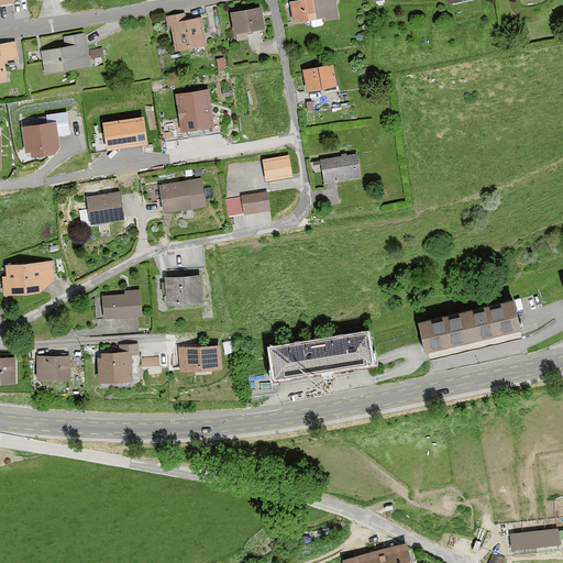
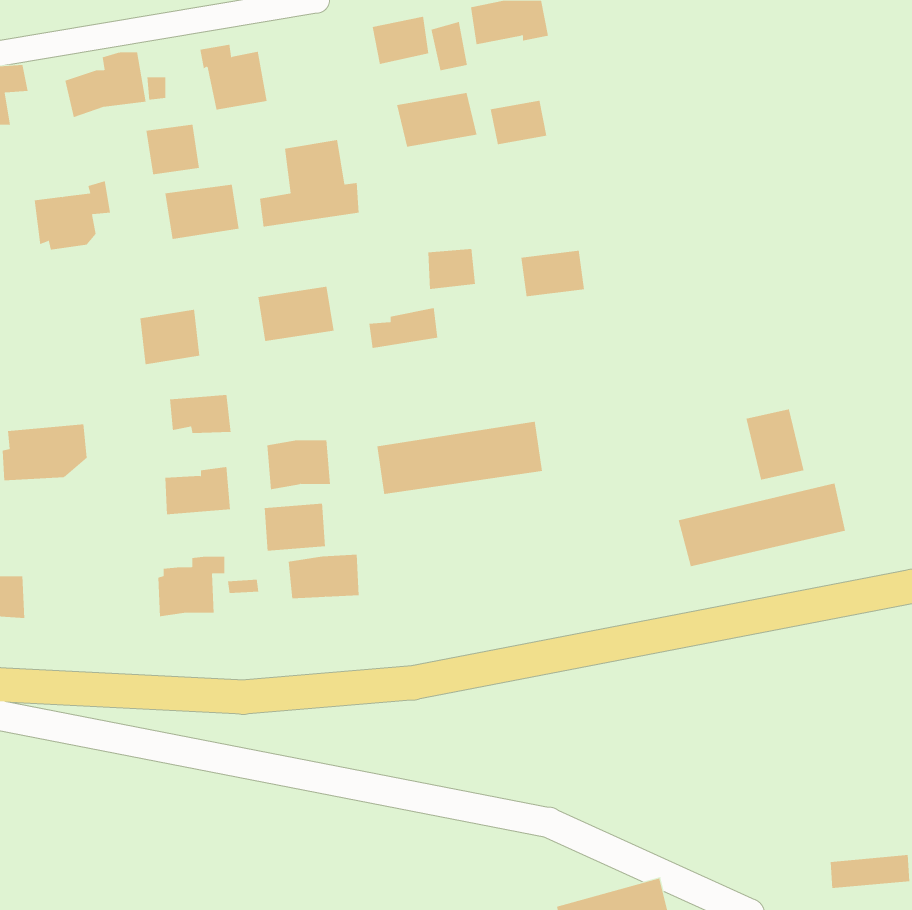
building: none -> [431,21,468,71]
building: [165,16,207,57] -> [200,44,268,110]
building: none -> [396,92,477,148]
building: none -> [146,124,200,175]
building: none -> [170,394,231,434]
building: none -> [746,408,804,481]
building: none -> [264,503,325,551]
building: [269,332,372,377] -> [376,421,543,494]
building: [35,355,70,380] -> none

